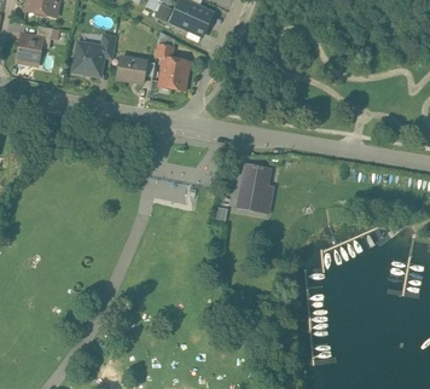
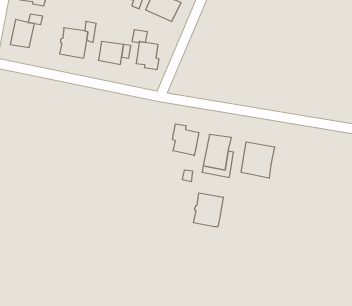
building: none -> [173,124,199,156]
building: none -> [241,142,274,178]
building: none -> [193,193,223,227]

